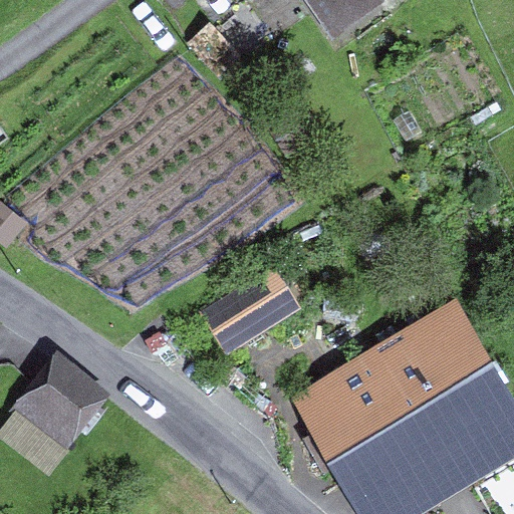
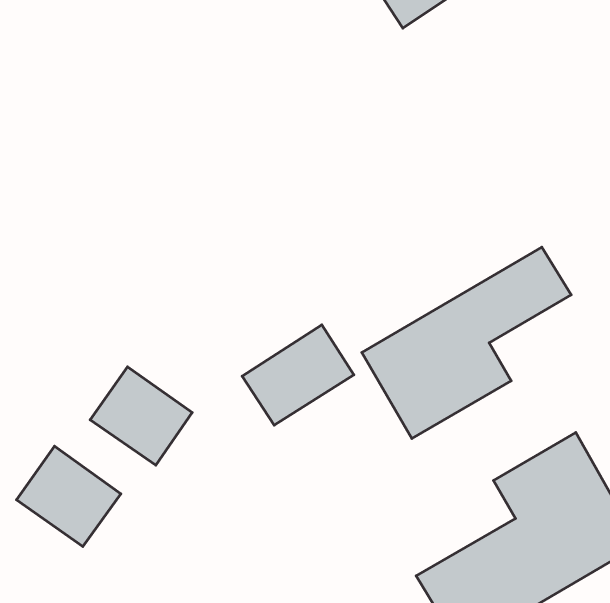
building: none -> [90,367,192,465]
building: [301,317,473,474] -> [362,247,571,438]

